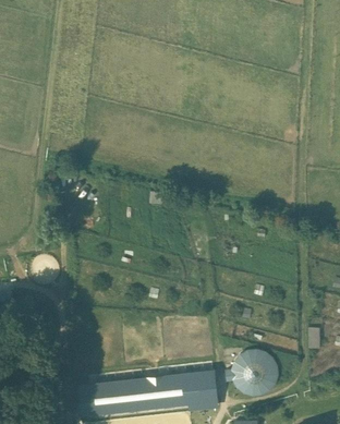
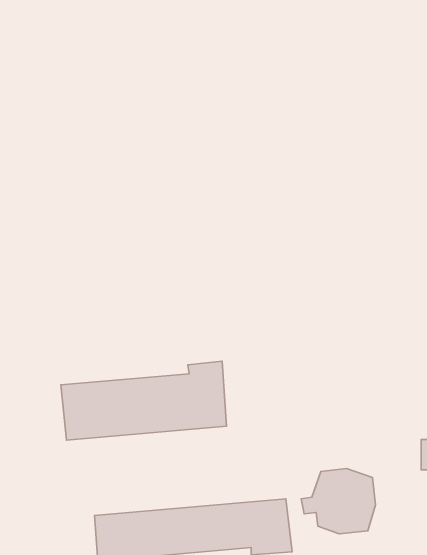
building: none -> [61,361,226,440]

